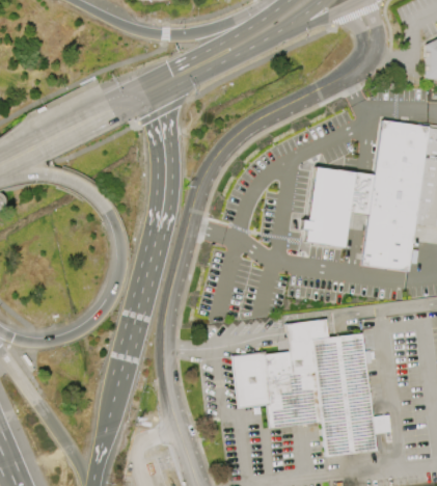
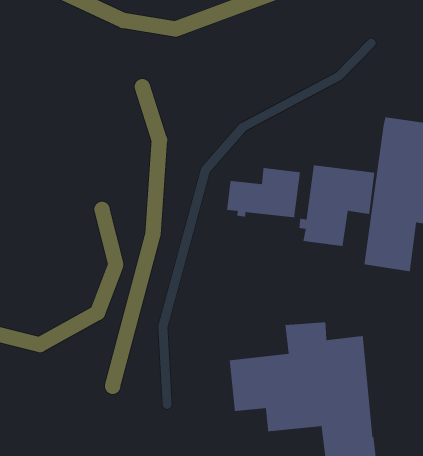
building: none -> [226,167,301,218]

